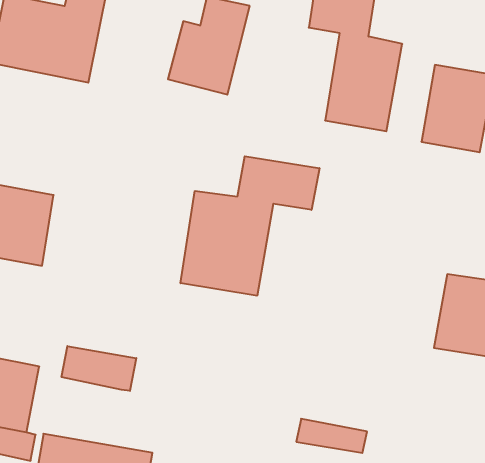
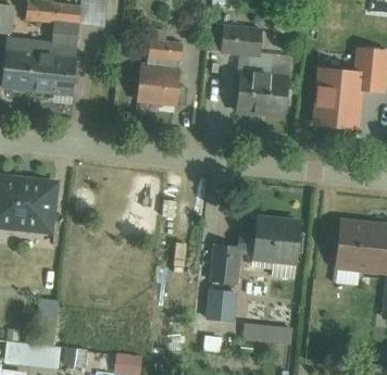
building: [181,156,319,296] -> none
building: none -> [253,215,303,262]
building: none -> [209,243,239,284]
building: [62,346,136,391] -> none
building: none -> [204,292,235,322]

